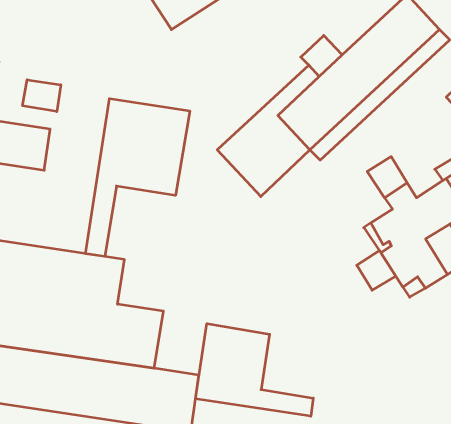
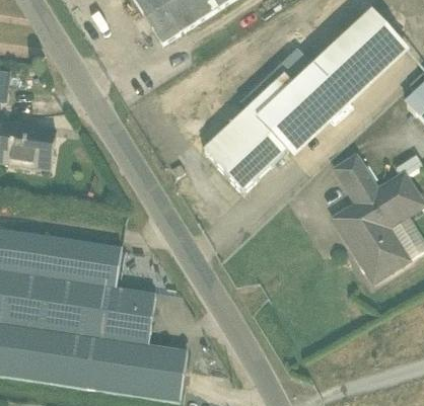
building: [23,80,61,112] -> none
building: [85,99,190,256] -> none
building: [357,251,396,290] -> none
building: [196,324,313,416] -> none

